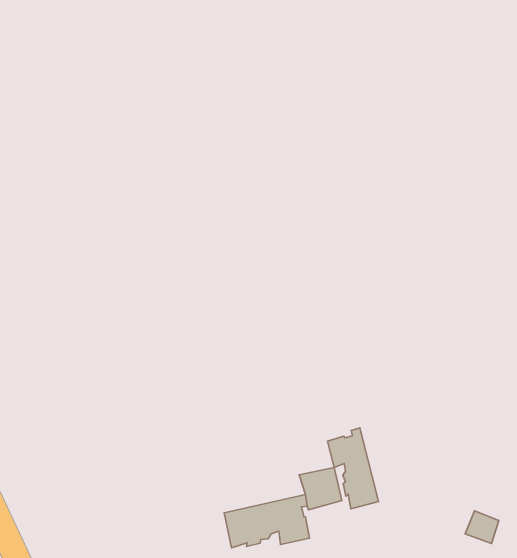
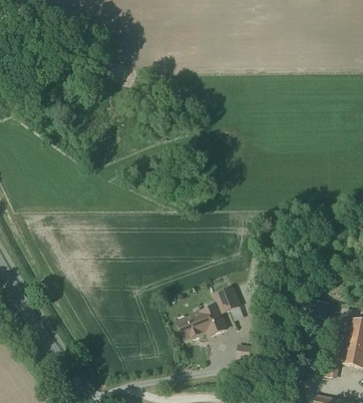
building: [327,428,379,509] -> none

